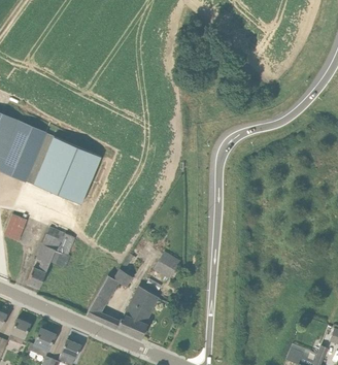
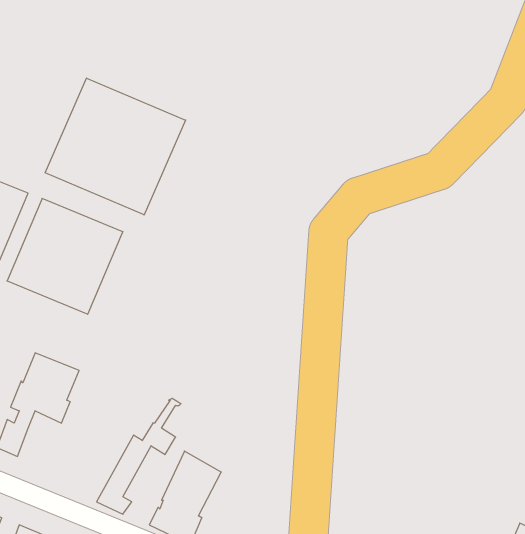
building: none -> [45,78,186,215]
building: [153,251,180,279] -> none

